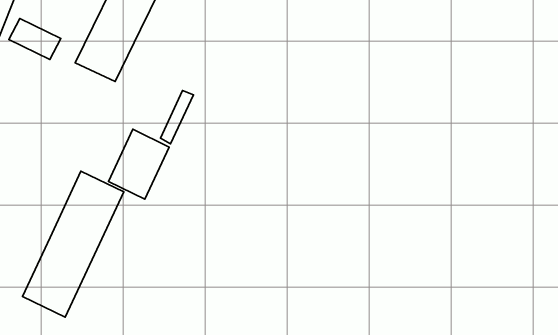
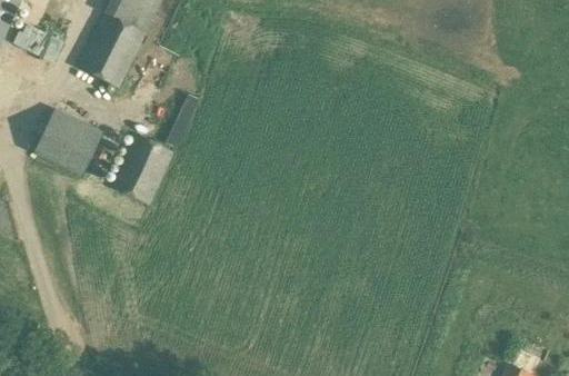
building: none -> [39,110,103,171]
building: [23,171,124,317] -> none

